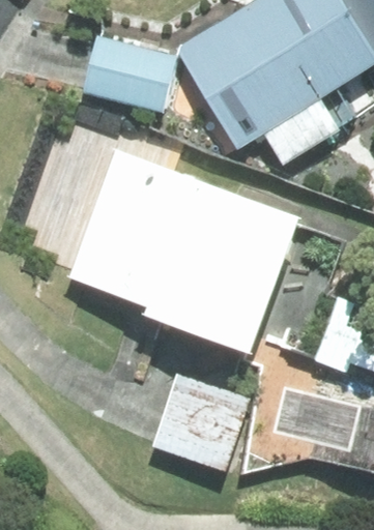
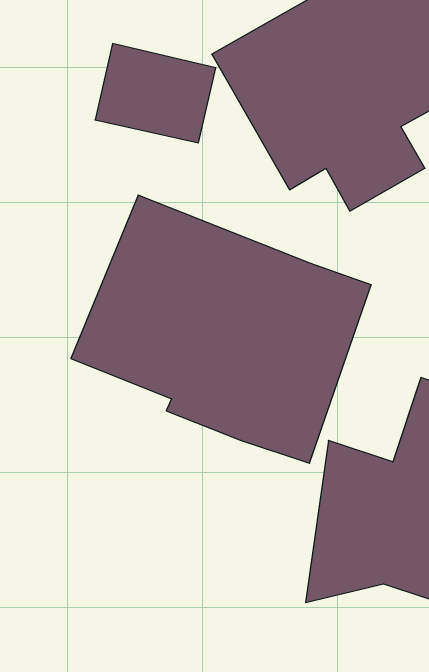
building: [151,370,251,471] -> none

